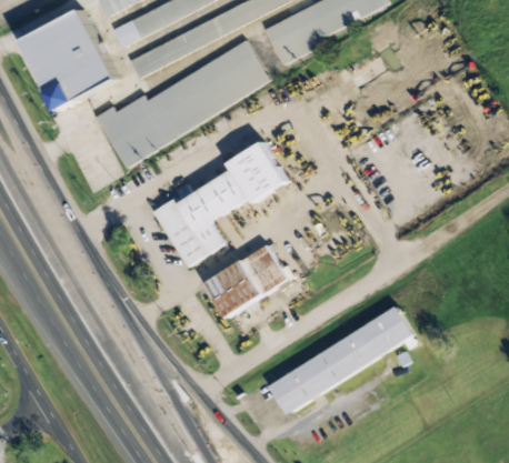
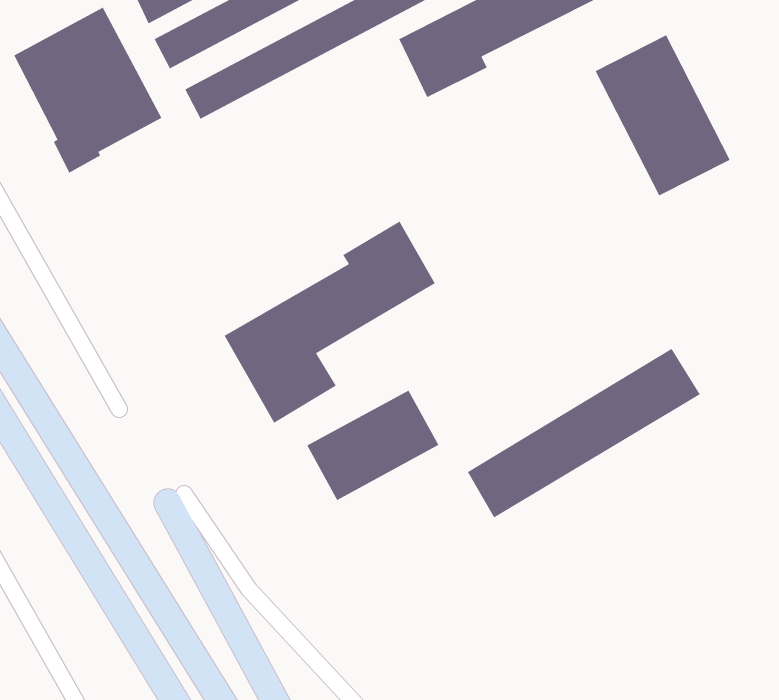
building: none -> [594,34,731,197]
building: [96,41,270,165] -> none
building: [269,306,413,412] -> [467,348,701,519]

